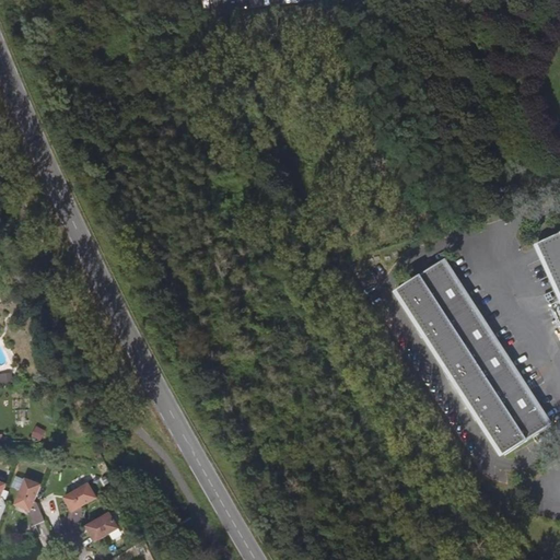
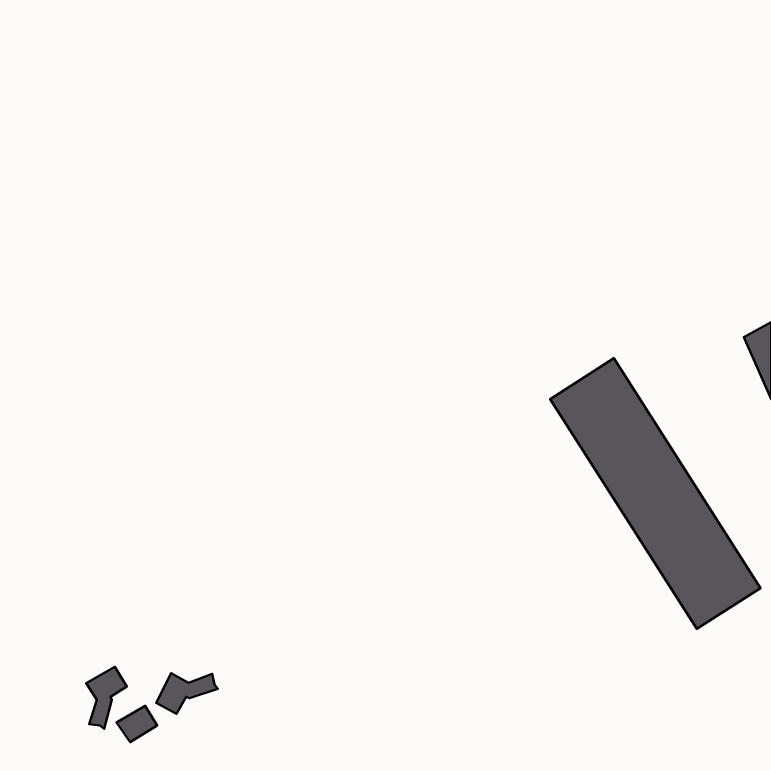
building: [15,475,43,522] -> none
building: none -> [156,673,218,714]

